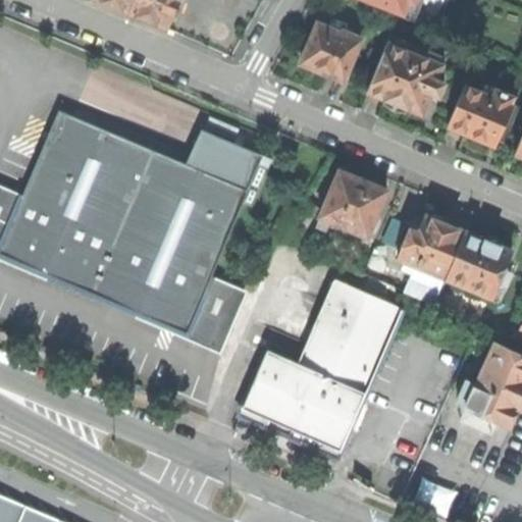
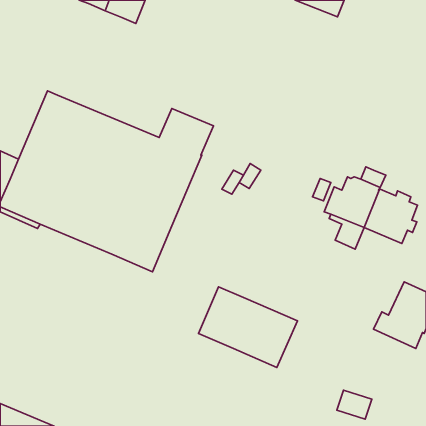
building: [301,23,360,81] -> none
building: [366,42,443,114] -> none
building: [448,84,517,145] -> none
building: [316,170,386,236] -> none
building: [134,276,247,354] -> none
building: [298,279,402,393] -> none

